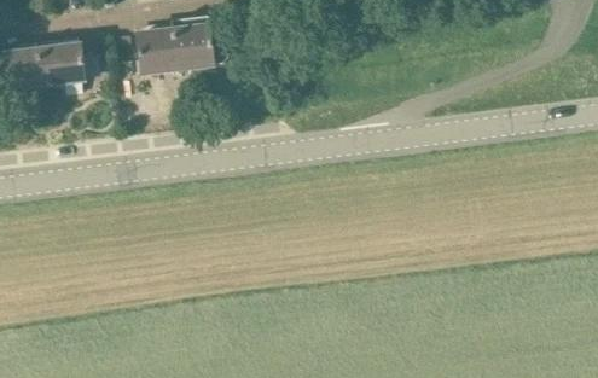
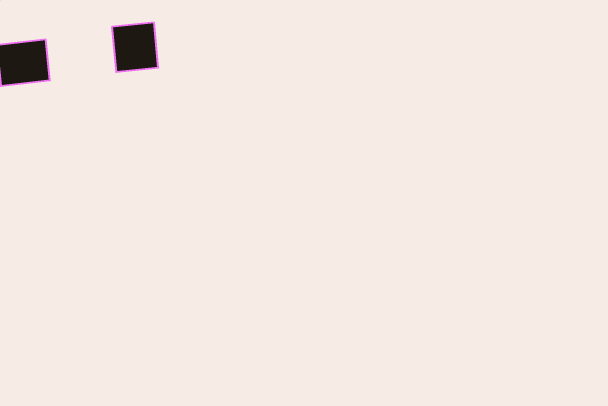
building: [172,18,213,69] -> none

